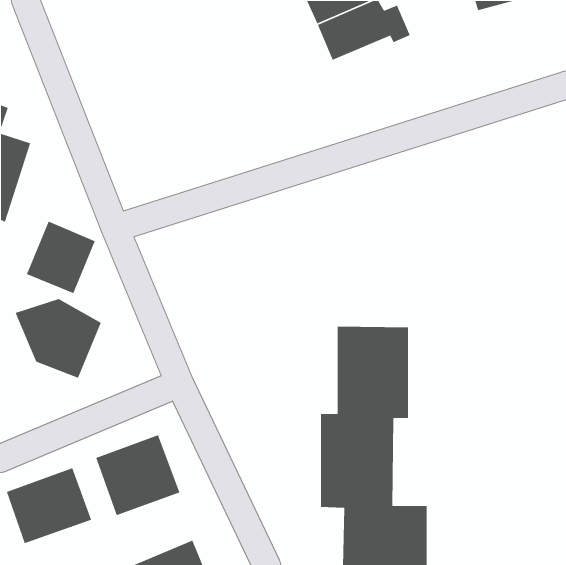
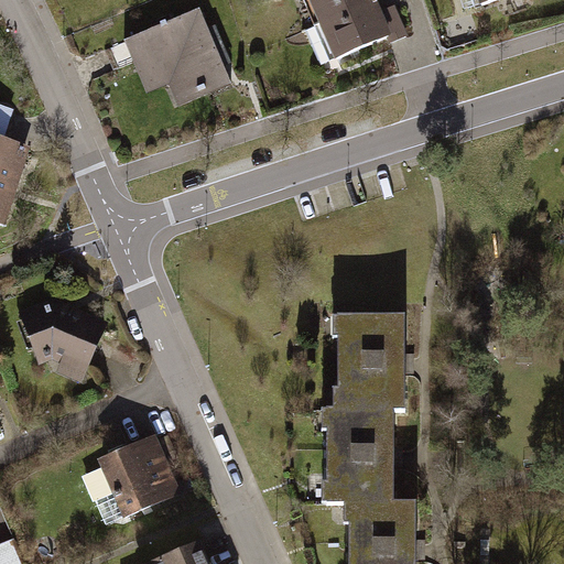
building: none -> [121,7,228,101]
building: [26,220,96,294] -> none
building: [6,467,92,544] -> none

